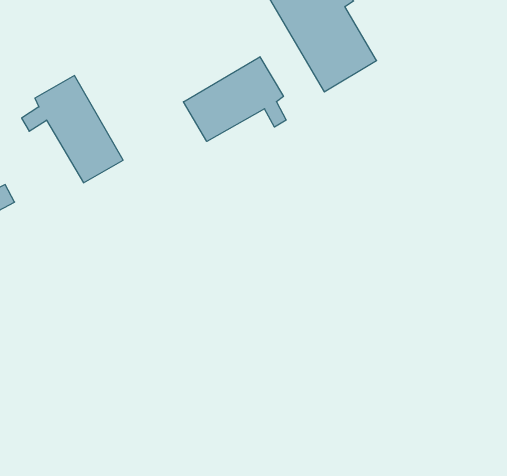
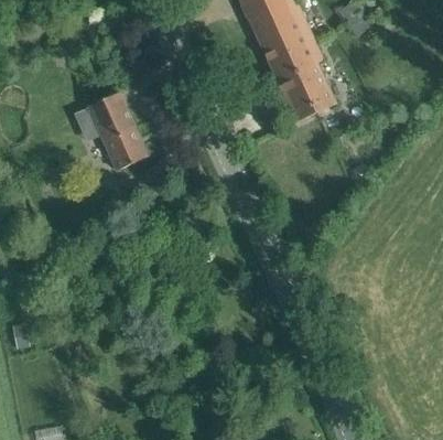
building: [183,57,286,141] -> none

